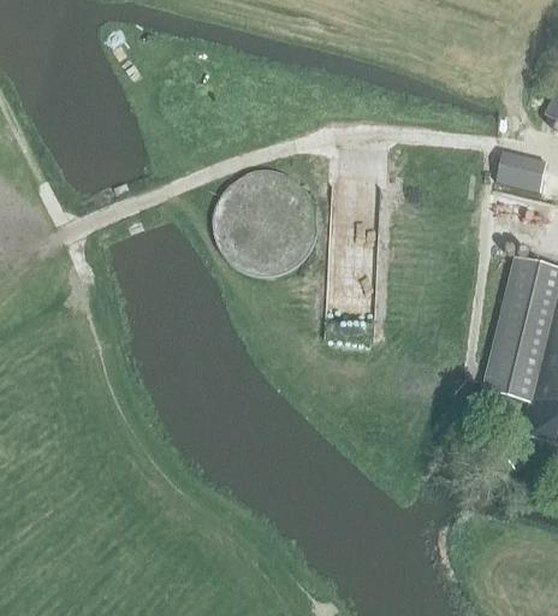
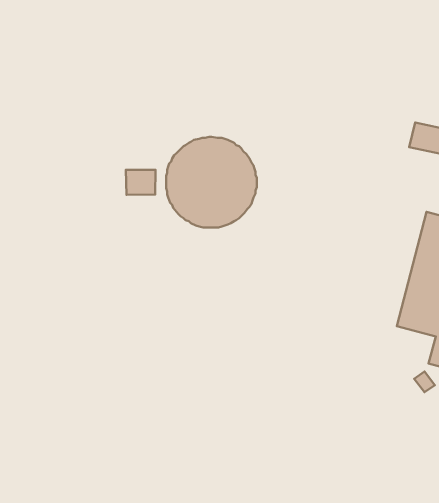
building: none -> [126,170,155,195]

